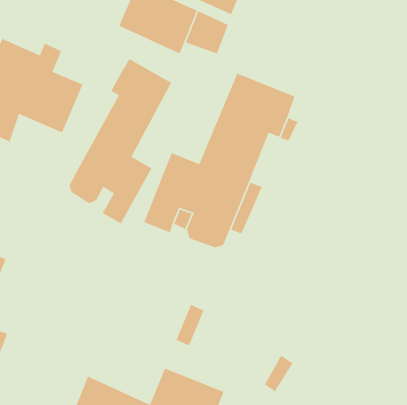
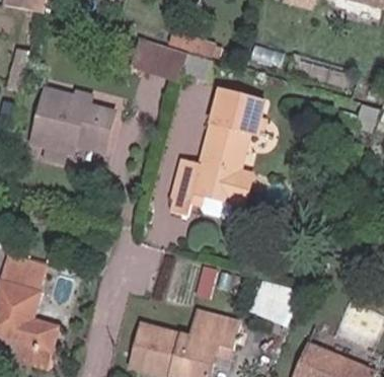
building: [68,58,172,224] -> none

